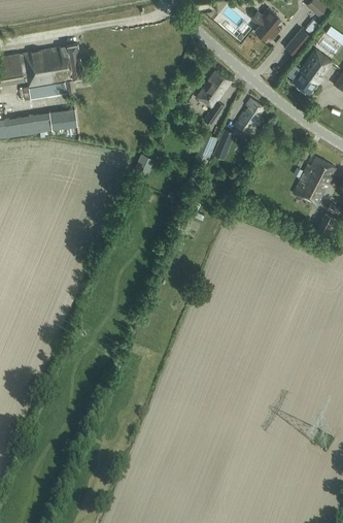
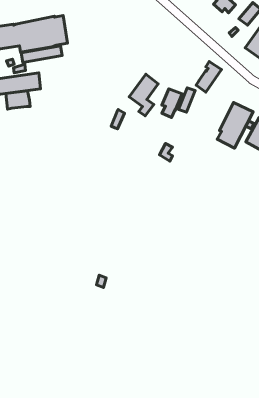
building: [196,71,230,121] -> [129,74,158,116]
building: [48,109,77,131] -> [6,91,30,109]
building: none -> [217,102,253,148]

